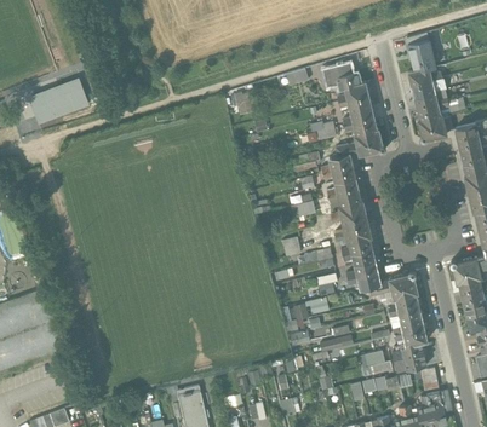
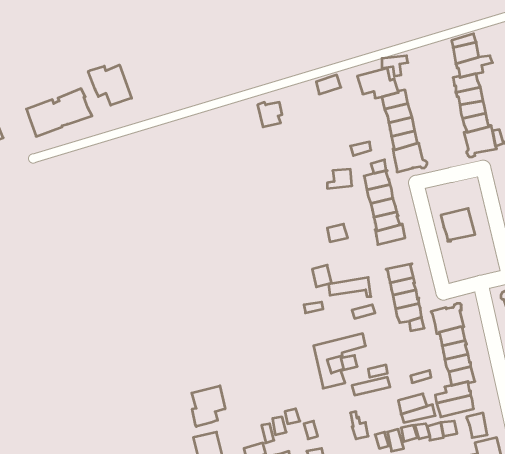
building: none -> [88,65,132,105]
building: [340,213,371,242] -> [441,208,475,241]
building: none -> [192,386,225,427]

